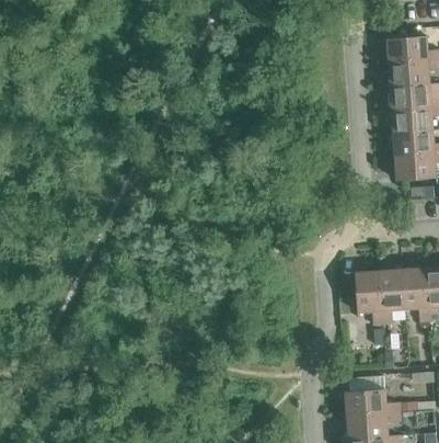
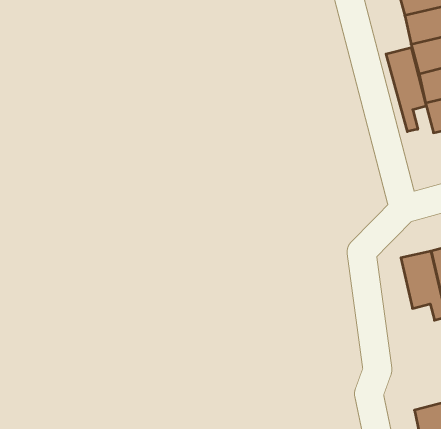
building: none -> [386,48,426,132]

